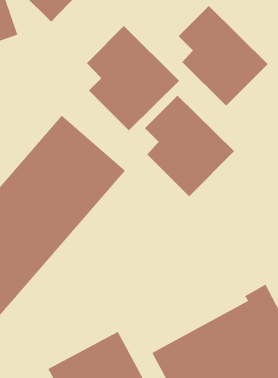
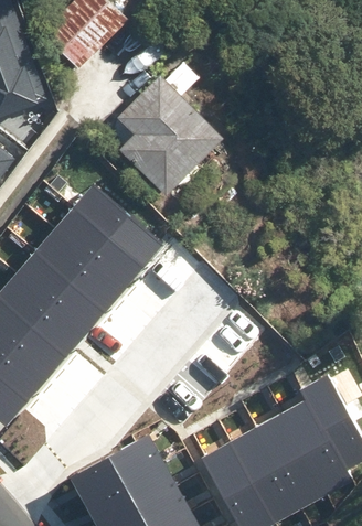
building: [178,5,269,107] -> none
building: [144,95,235,197] -> none

